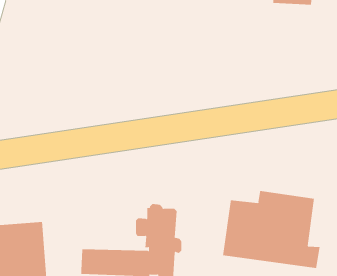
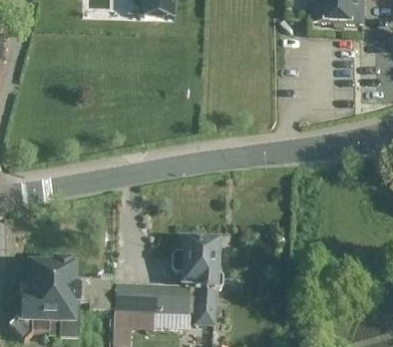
building: [223,190,320,269] -> none

